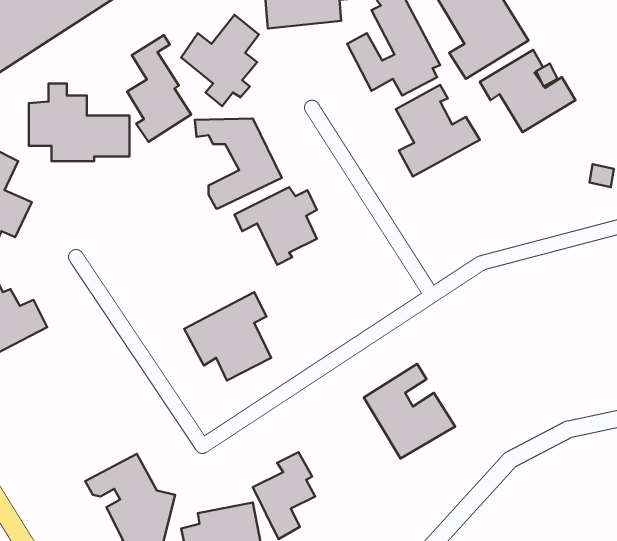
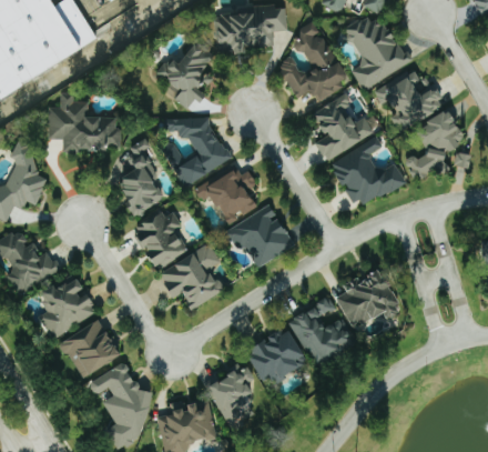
building: [127,35,191,142] -> [118,139,164,217]
building: none -> [405,109,466,179]
building: none -> [331,137,405,209]
building: none -> [226,204,294,267]
building: none -> [132,209,186,267]
building: none -> [337,268,399,329]
building: none -> [38,278,96,338]
building: none -> [59,319,120,379]
building: none -> [246,330,308,380]

